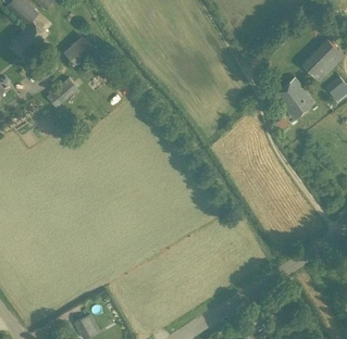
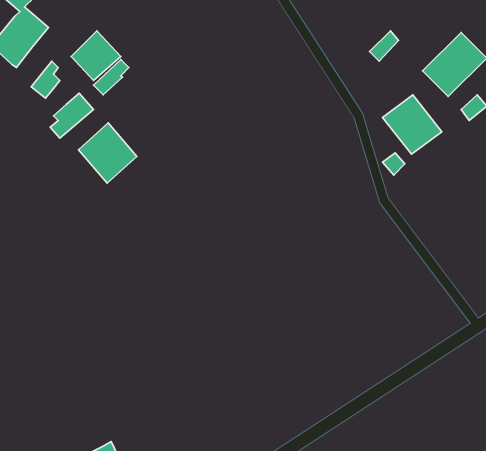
building: none -> [78,123,137,183]

